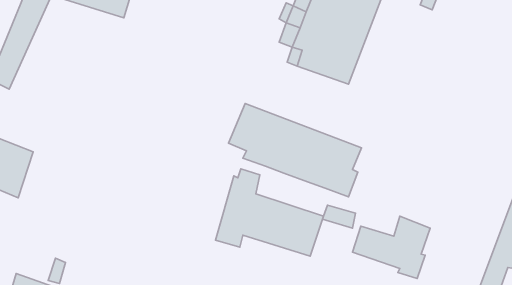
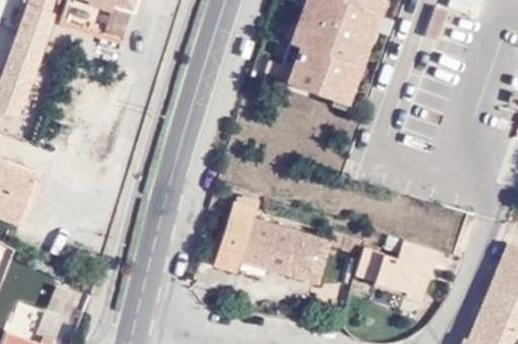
building: [229,104,362,197] -> none

